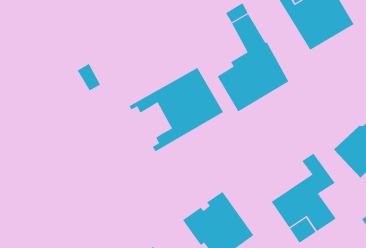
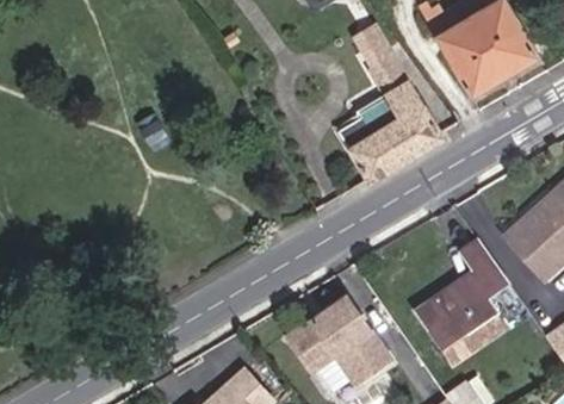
building: [129,67,224,152] -> none

